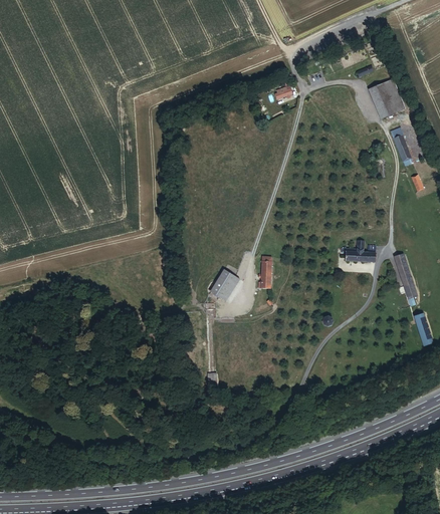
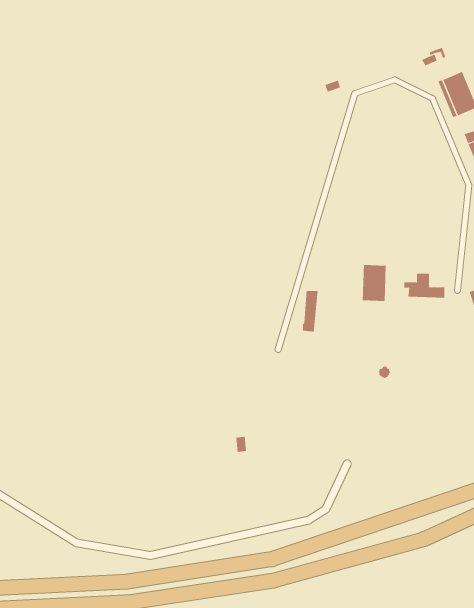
building: none -> [362,264,386,302]
building: [212,271,240,301] -> none

